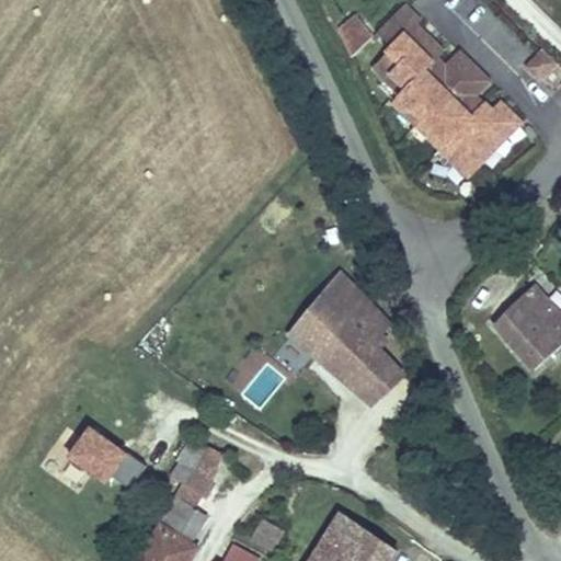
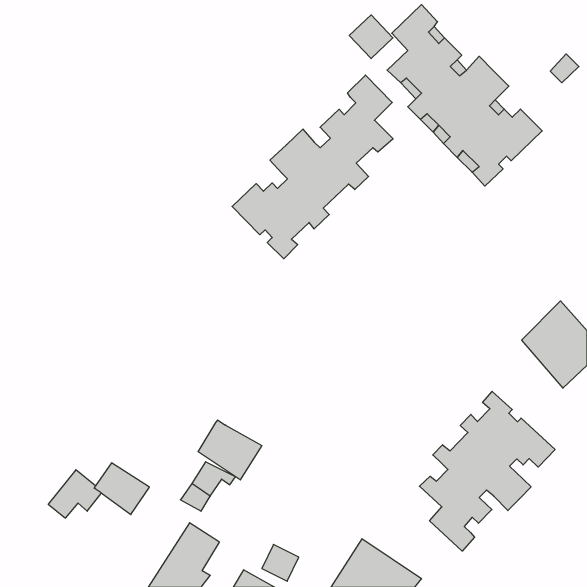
building: none -> [232,75,393,259]
building: [293,276,407,404] -> none
building: none -> [419,391,555,551]
building: none -> [198,420,262,480]

